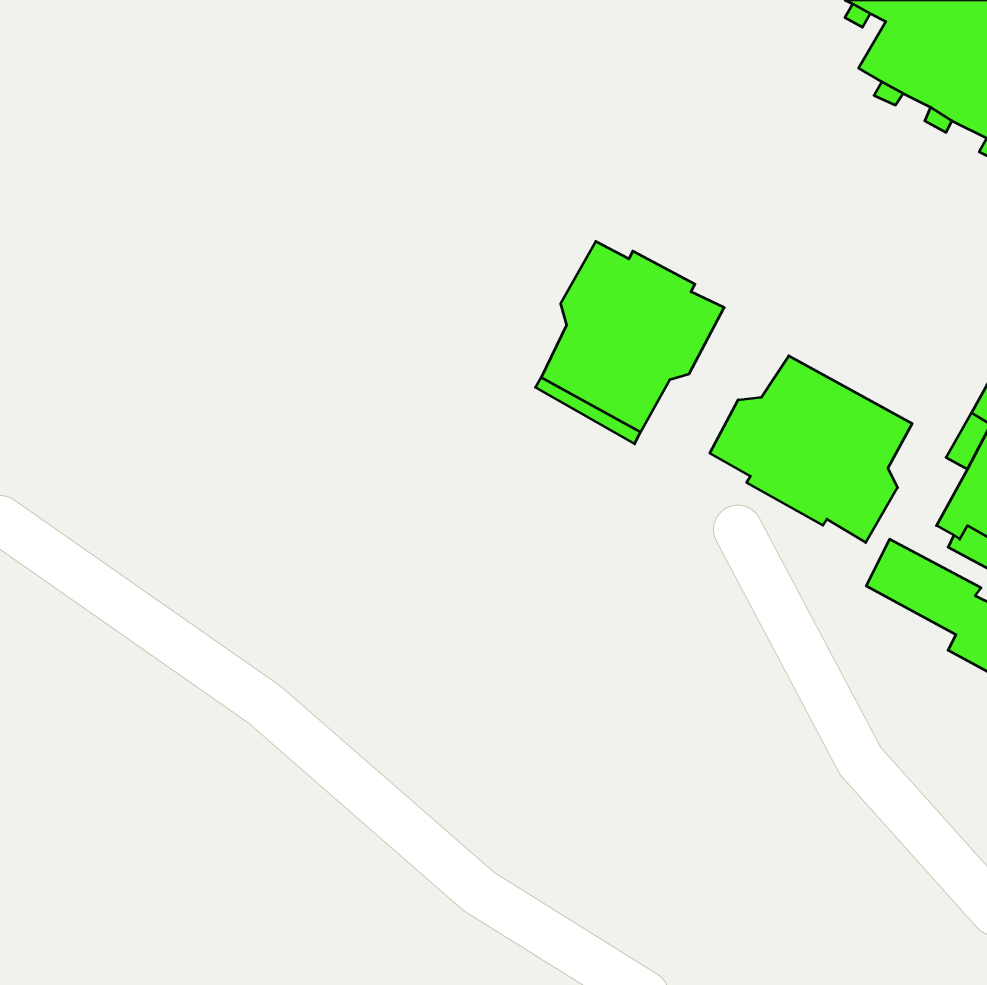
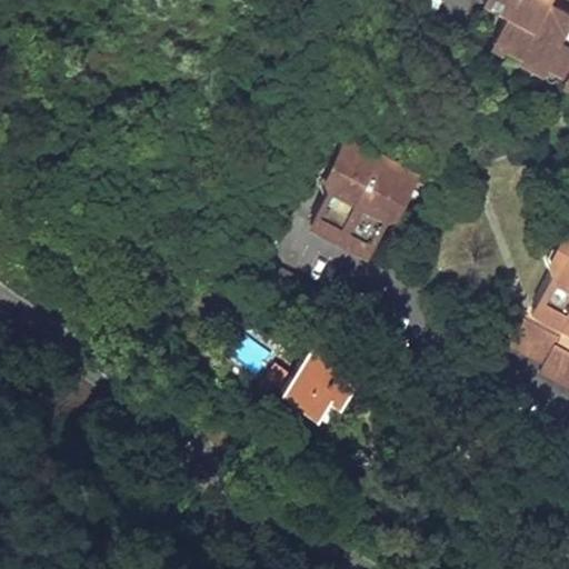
building: [710,356,912,543] -> none
building: none -> [270,355,360,421]

